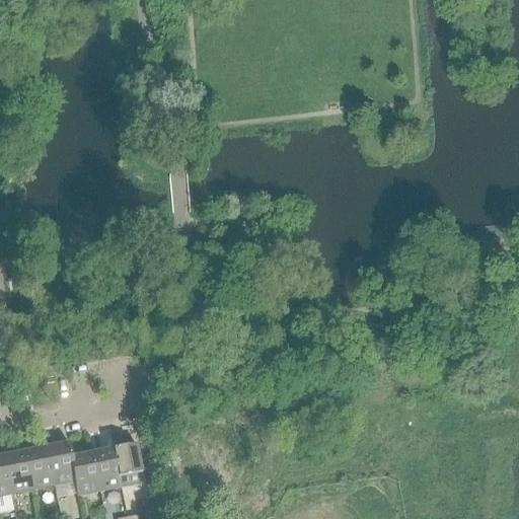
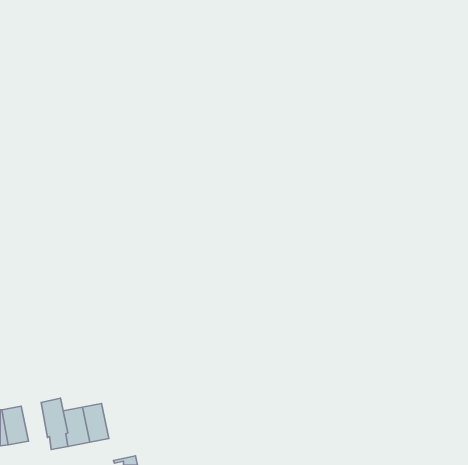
building: [113,442,142,485] -> none
building: [23,445,53,488] -> none

